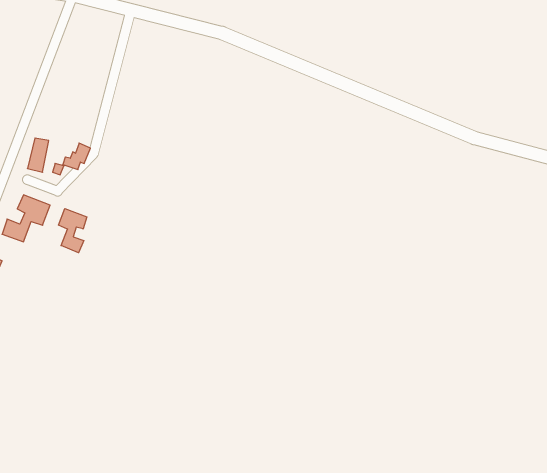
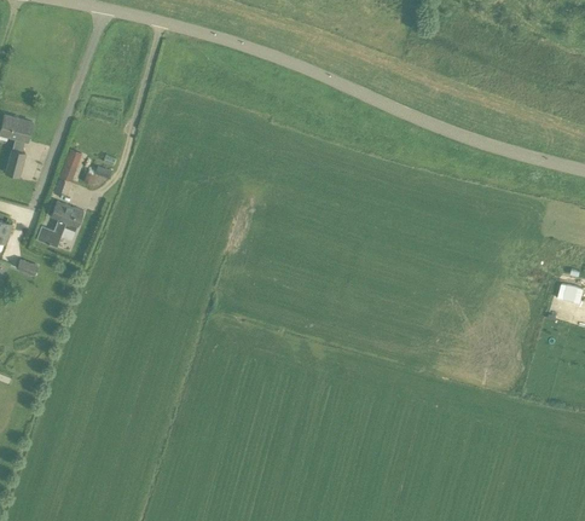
building: [58,209,87,253] -> none

